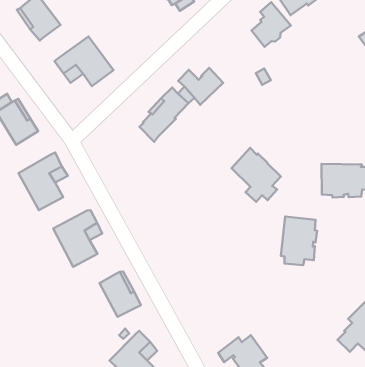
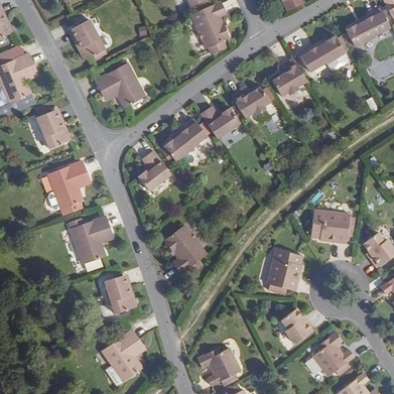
building: none -> [230,86,269,117]
building: none -> [138,152,171,192]
building: [231,148,281,202] -> [164,224,207,272]
building: none -> [280,310,314,345]

